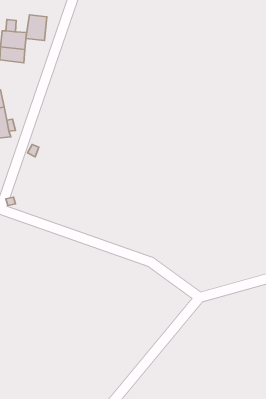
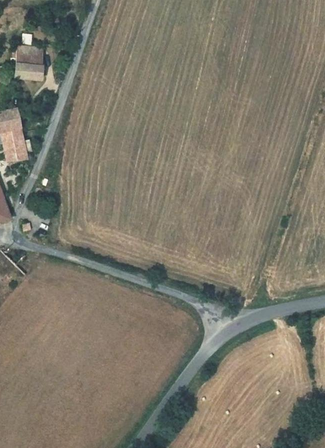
building: [26,15,47,41] -> none

